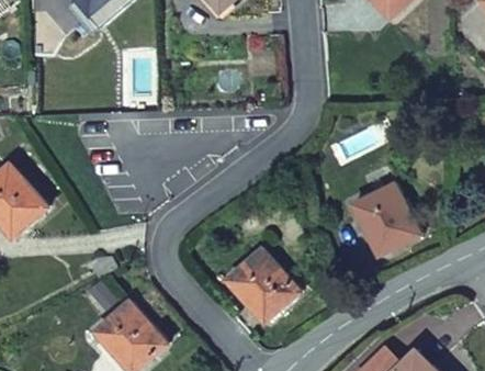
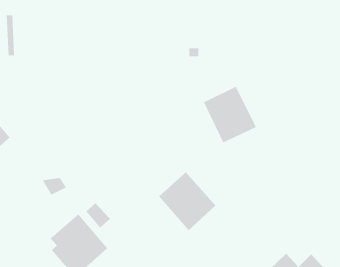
building: [354,183,420,254] -> [203,86,257,143]

